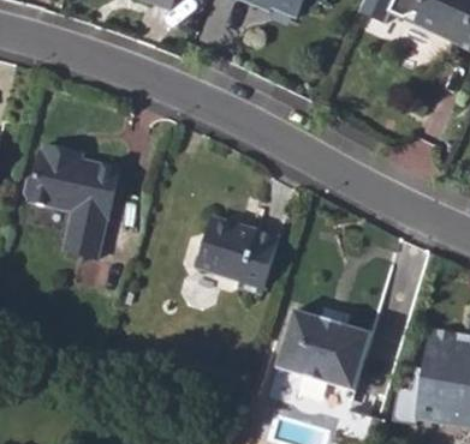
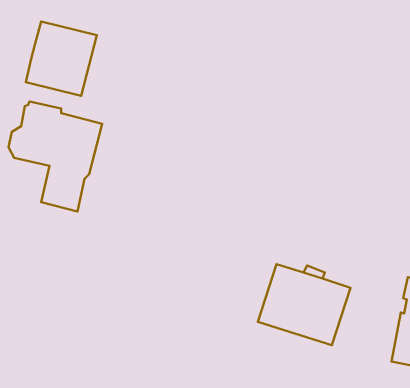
building: none -> [26,21,97,96]
building: [196,221,275,295] -> none

